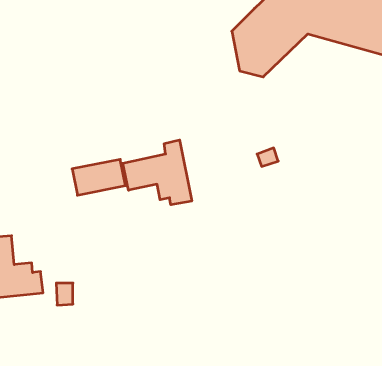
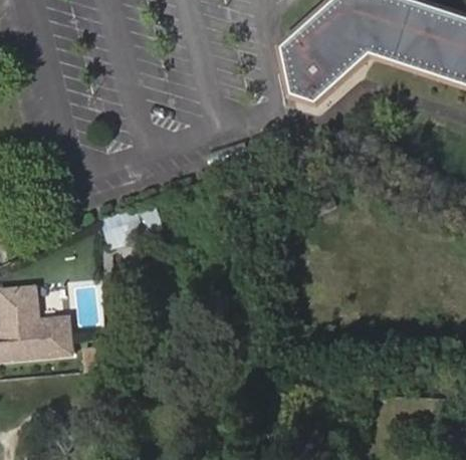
building: [123,140,192,205] -> none

